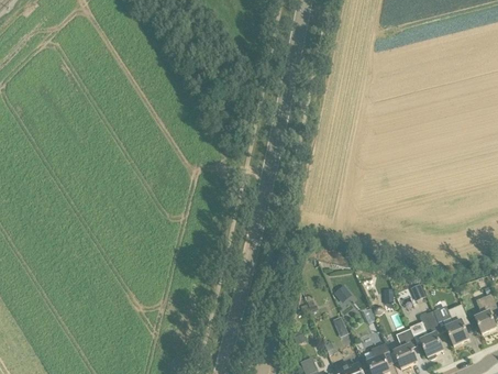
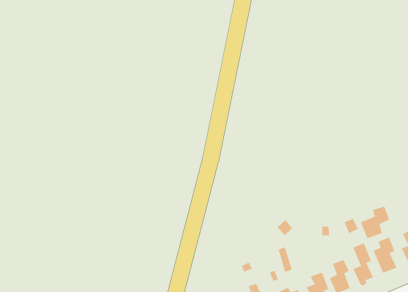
building: none -> [360,206,390,239]

